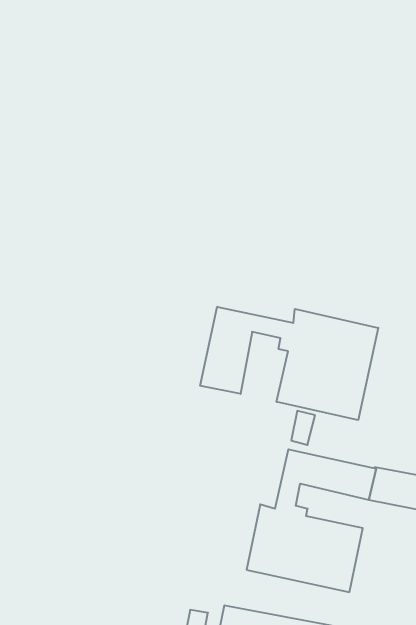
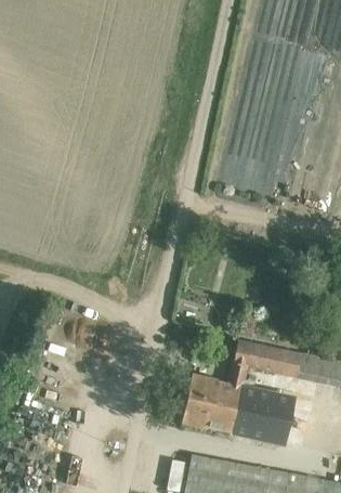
building: [200,307,378,420] -> none
building: none -> [185,374,222,430]

